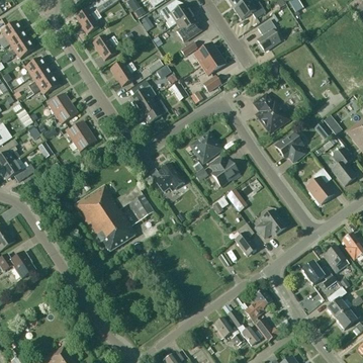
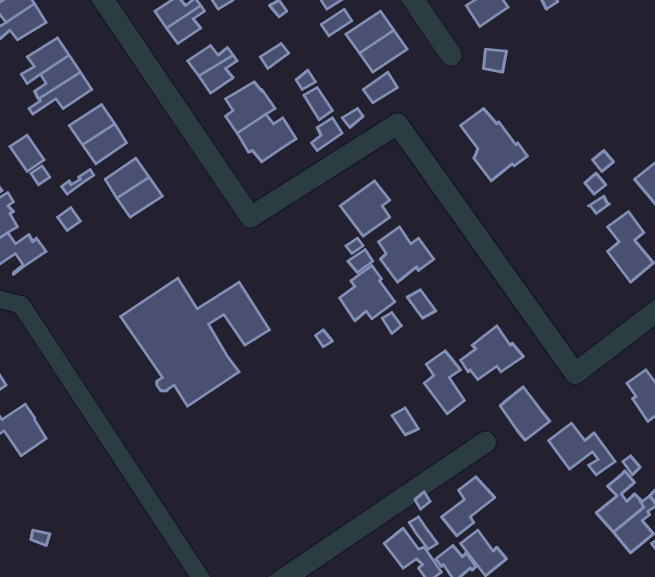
building: [274,132,303,162] -> none
building: [155,162,184,191] -> [339,265,395,321]
building: [305,168,334,204] -> none
building: [323,245,349,273] -> [500,387,550,440]

